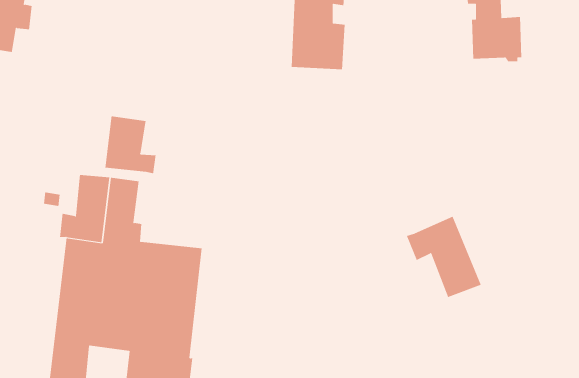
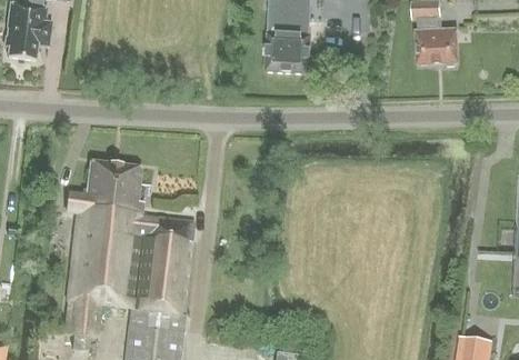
building: [105,116,156,174] -> none
building: [406,216,482,298] -> none

